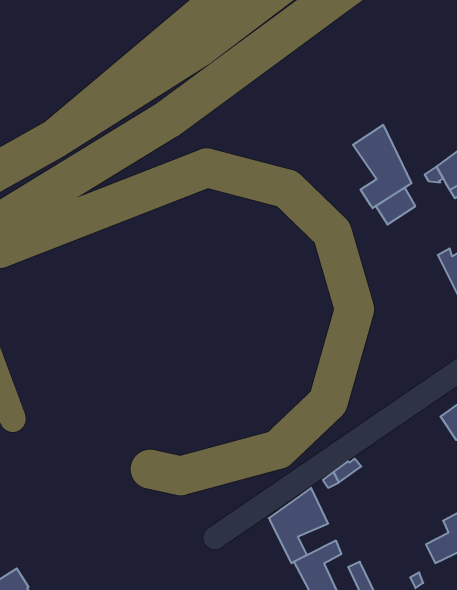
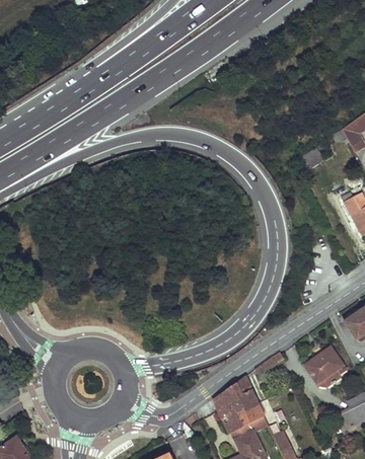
building: [353,125,411,208] -> none
building: none -> [304,347,345,387]
building: none -> [234,402,264,427]

